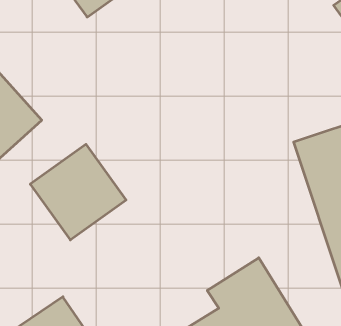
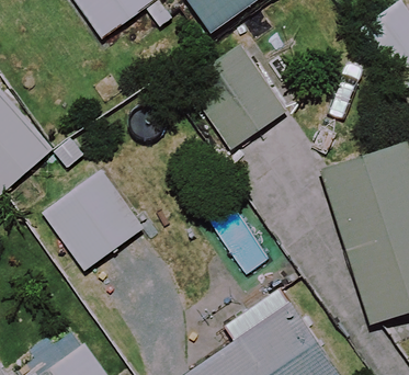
building: none -> [183,45,284,149]

